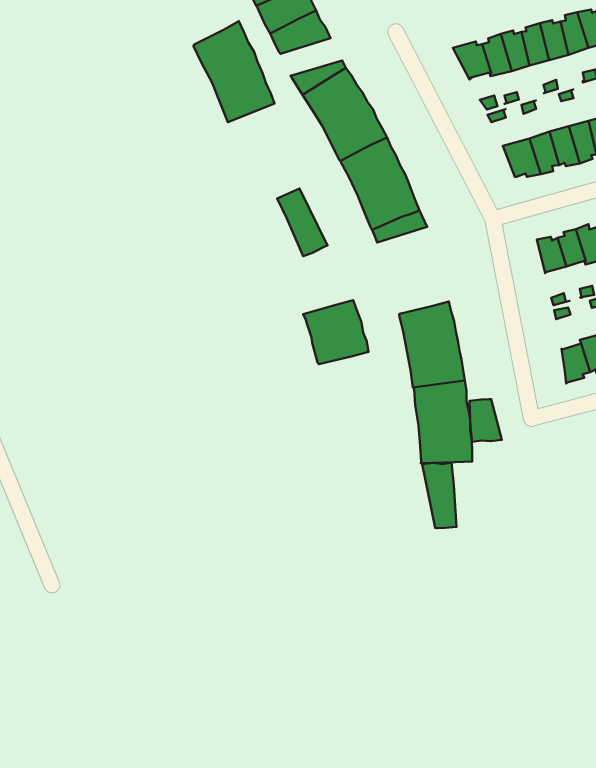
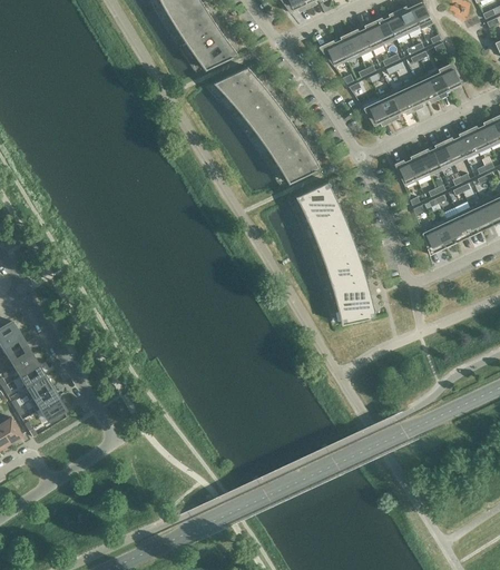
building: [193,21,274,122] -> none
building: [277,188,327,256] -> none
building: [303,300,368,364] -> [295,183,342,228]
building: [470,399,502,442] -> none
building: [422,463,456,528] -> none

